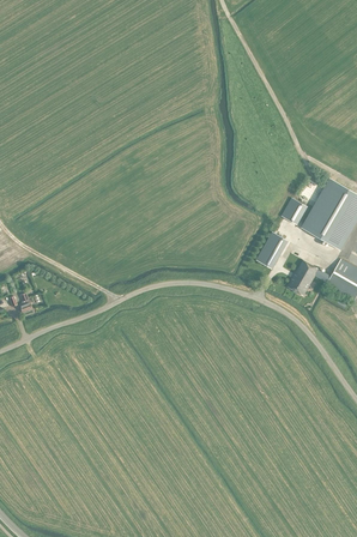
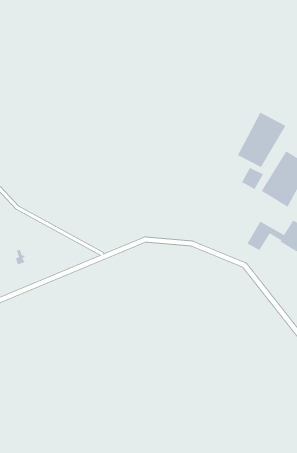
building: none -> [237,112,286,168]
building: [256,233,289,270] -> none

